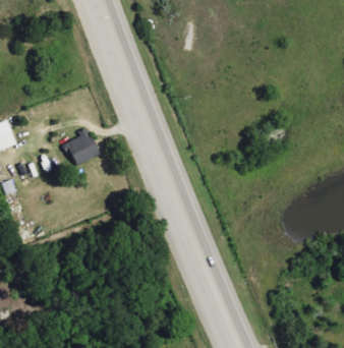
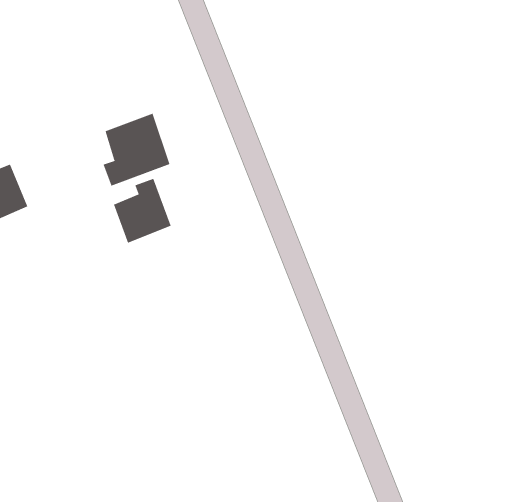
building: none -> [103,113,170,186]

